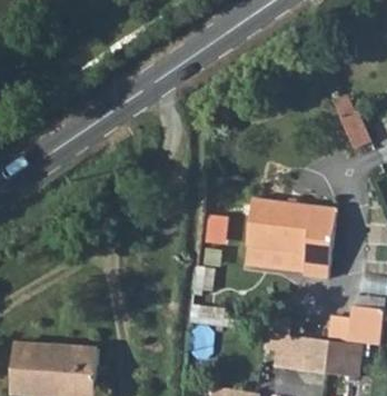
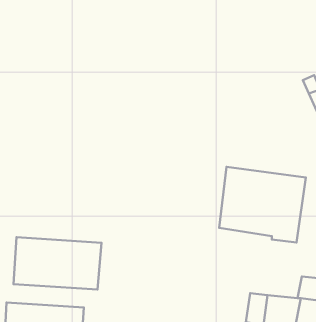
building: none -> [13,237,102,290]

